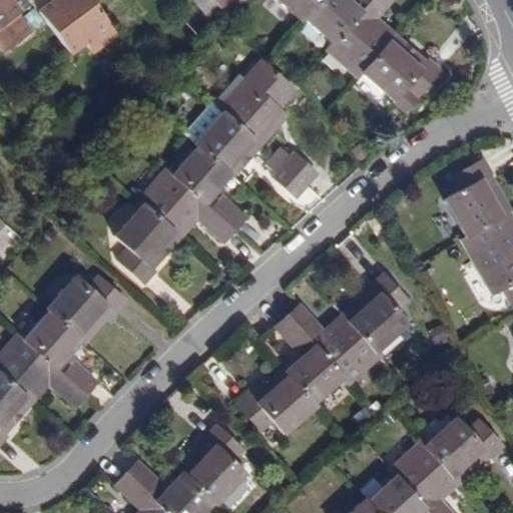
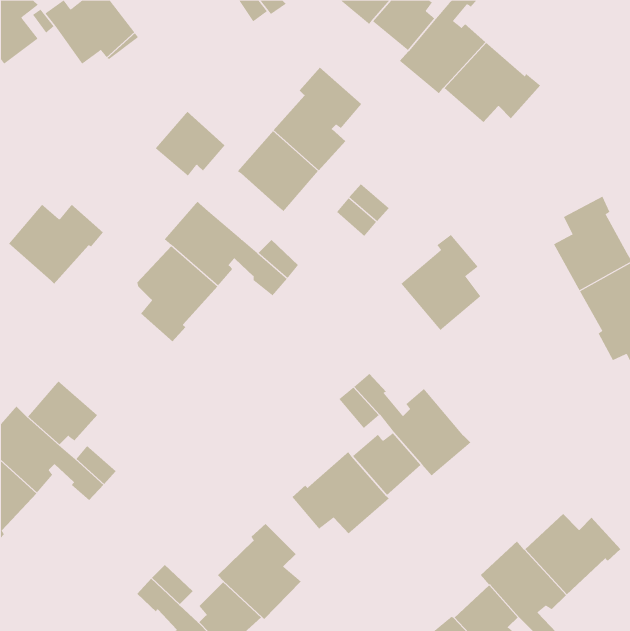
building: [171,142,228,195] -> [155,111,226,177]
building: [48,276,125,341] -> [8,204,104,284]
building: [346,276,411,354] -> [400,234,481,331]

